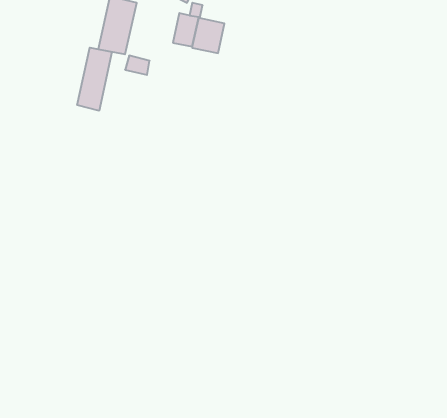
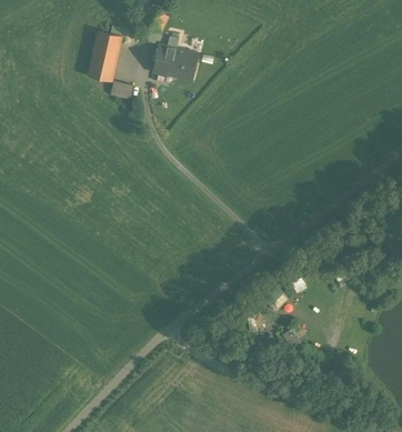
building: [77,48,112,111] -> none

